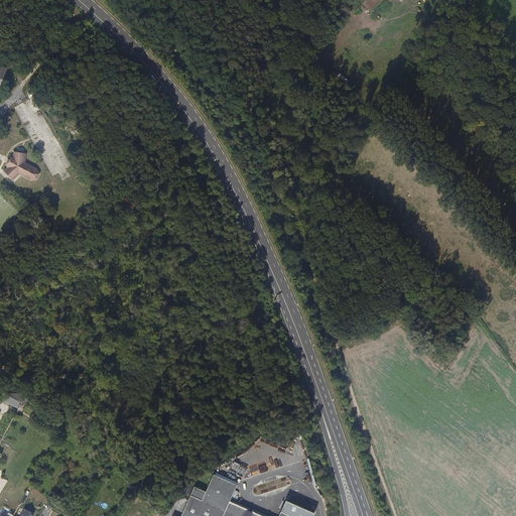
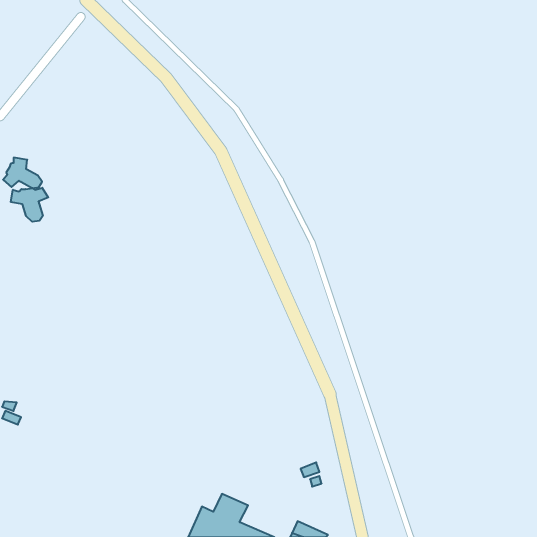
building: none -> [11,188,48,222]

